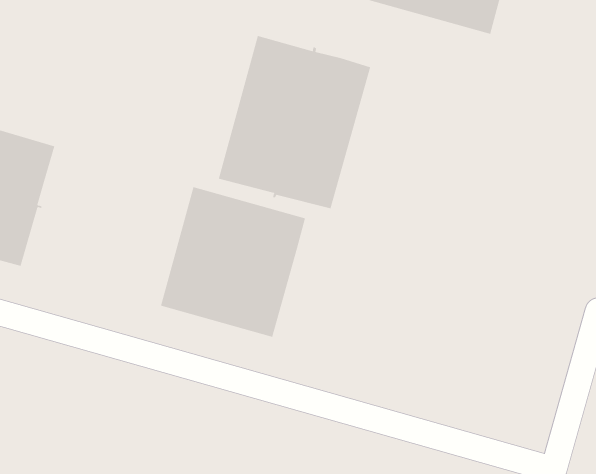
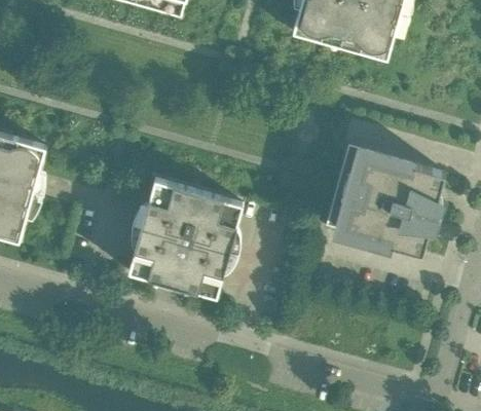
building: [218,35,371,209] -> none
building: none -> [325,147,444,255]

